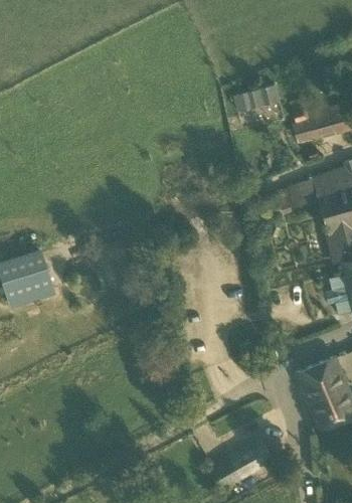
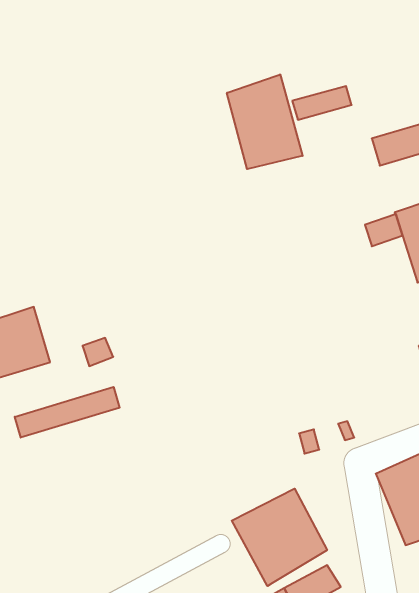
building: none -> [227,74,303,169]
building: none -> [15,387,120,438]
building: none -> [232,489,327,586]

